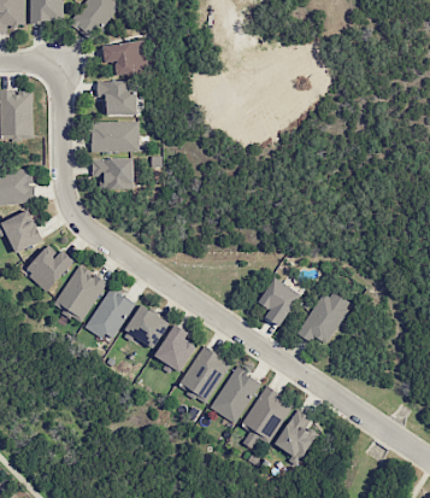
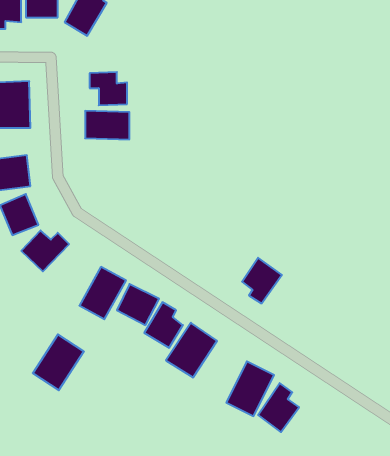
building: [102,41,146,74] -> none
building: [92,158,134,188] -> none
building: [53,264,107,323] -> [33,334,84,390]
building: [298,287,353,348] -> none
building: [210,367,260,423] -> none

